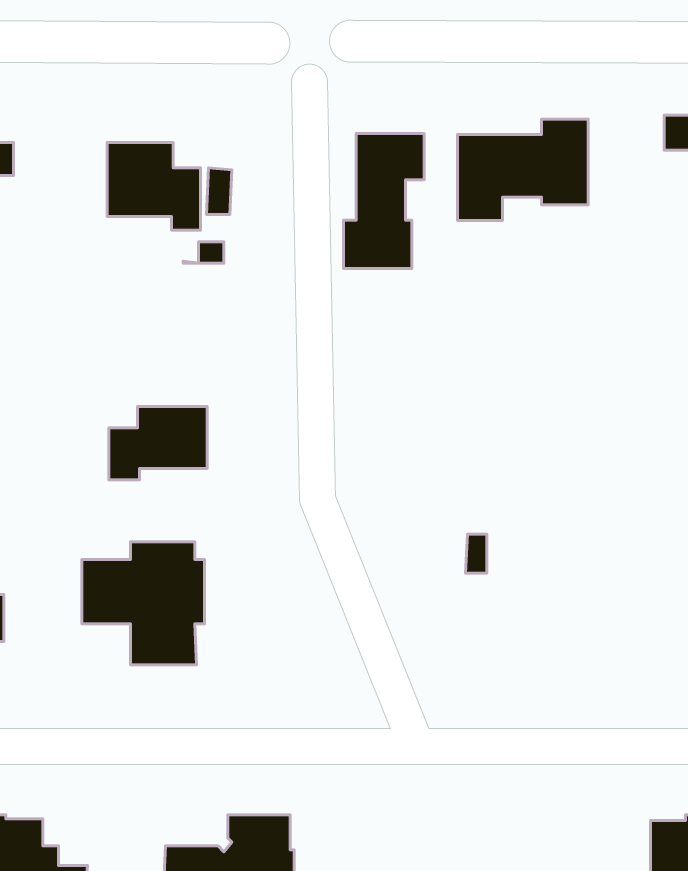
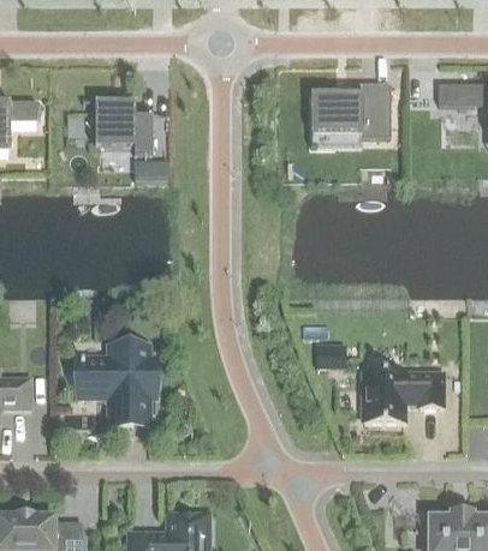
building: [344,133,424,268] -> none
building: [109,407,207,480] -> none
building: none -> [362,370,442,421]

